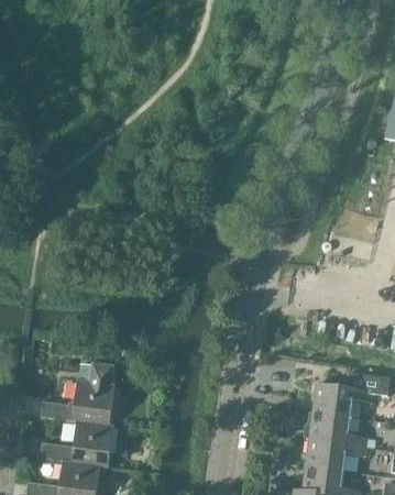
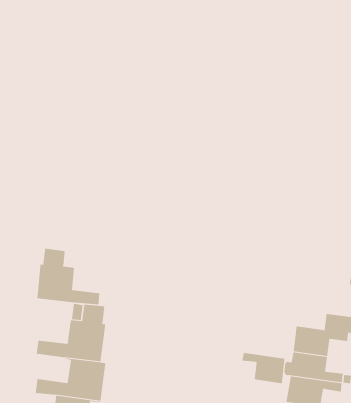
building: none -> [37,248,100,305]
building: none -> [242,352,285,384]

